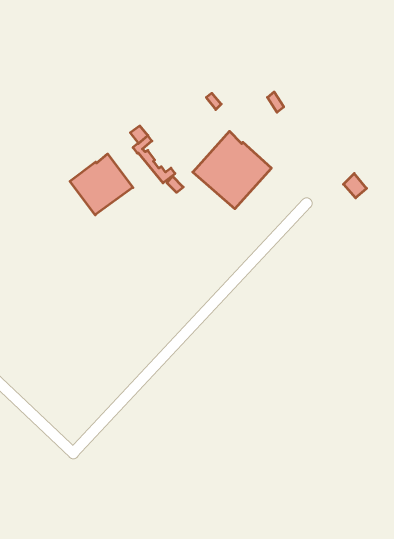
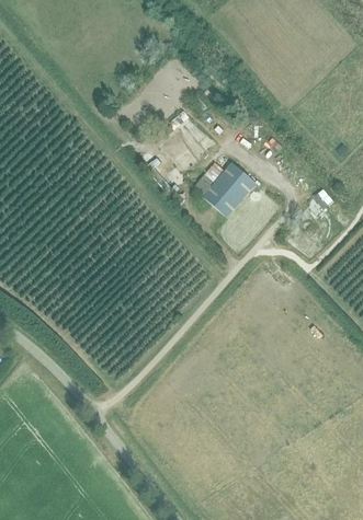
building: [70,154,133,215] -> none

